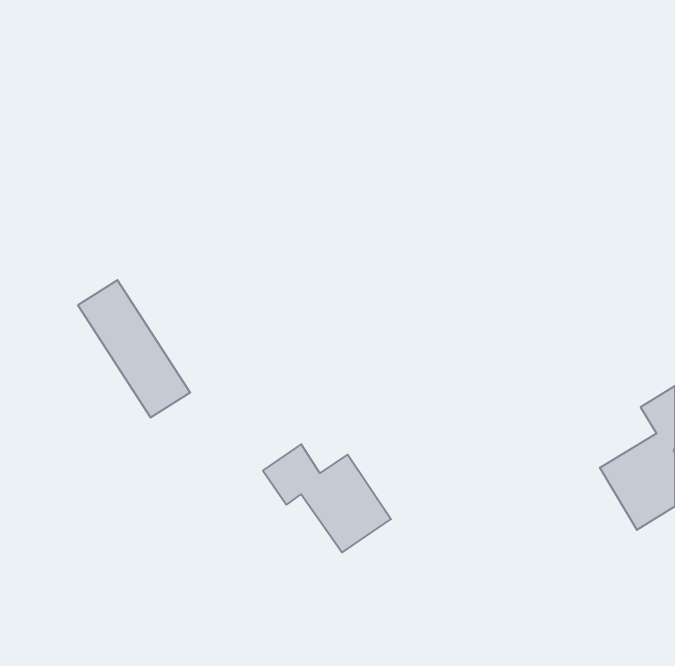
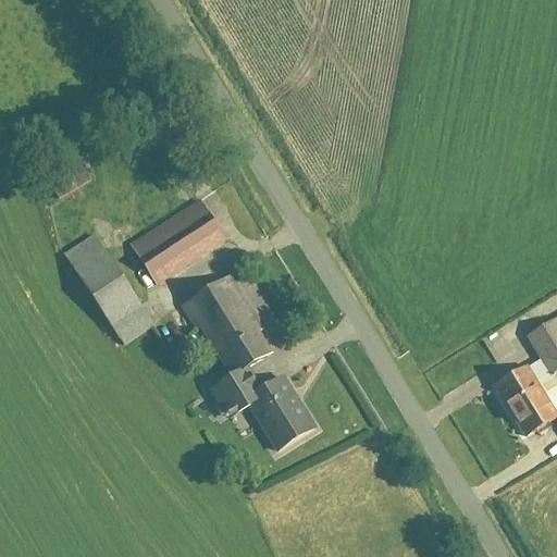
building: none -> [132,197,225,281]
building: none -> [183,275,274,372]

